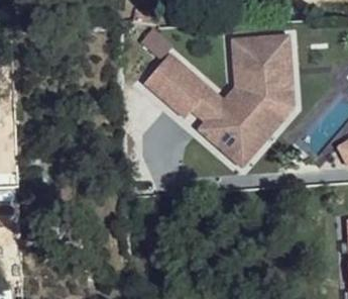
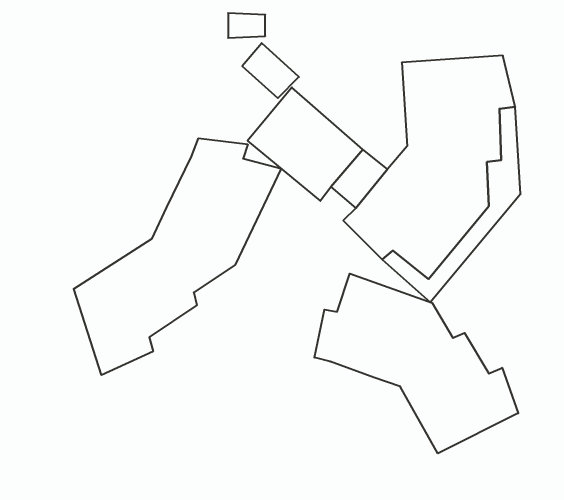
building: none -> [74,138,281,375]
building: none -> [314,274,518,453]

